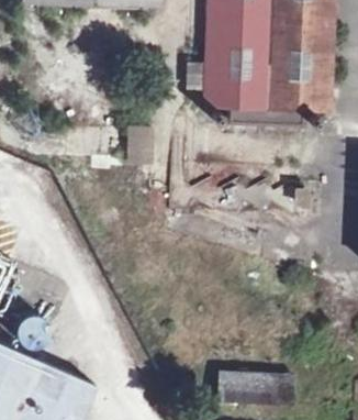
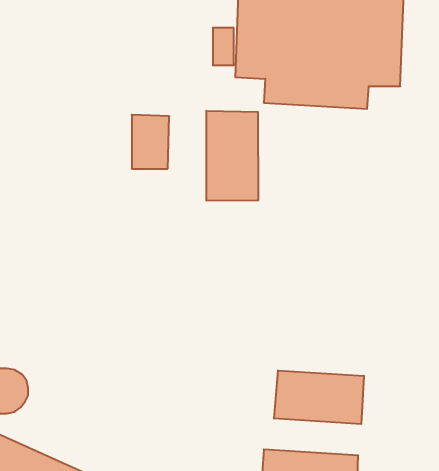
building: none -> [206,111,258,201]
building: none -> [274,370,364,424]

